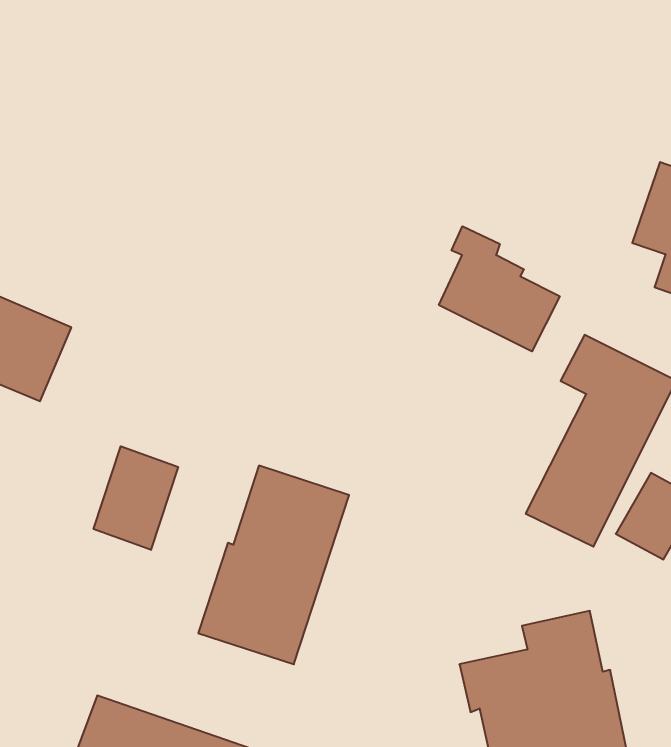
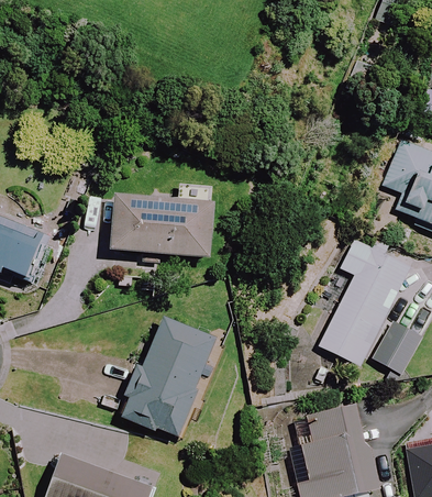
building: [439,226,560,351] -> none
building: none -> [112,184,214,258]
building: [94,446,178,550] -> none

